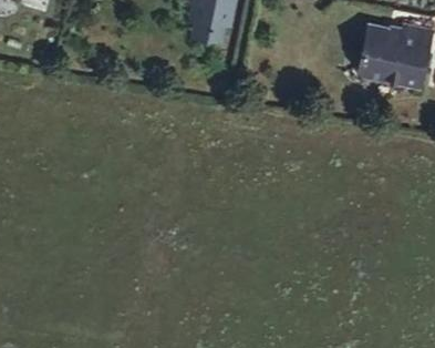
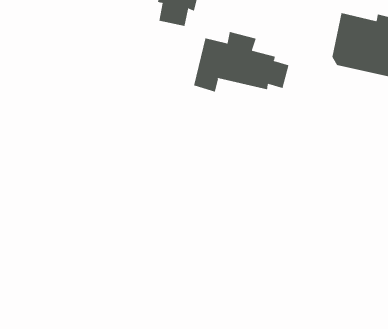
building: none -> [194,31,289,92]

